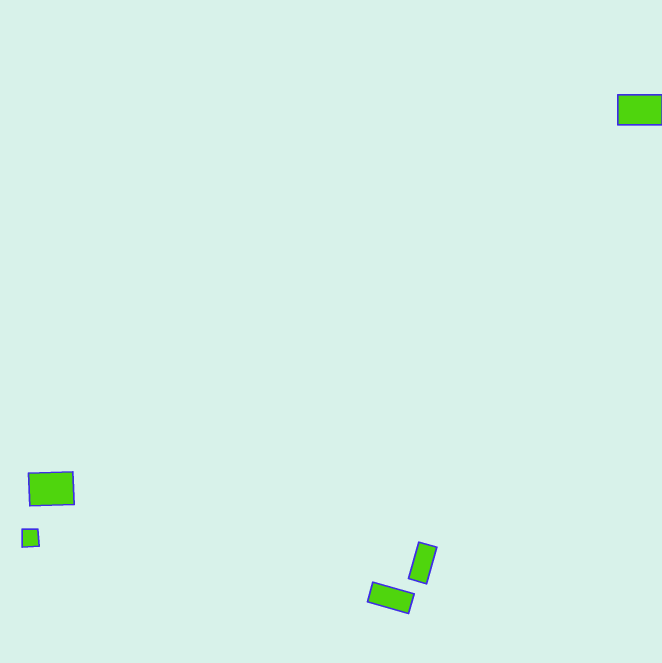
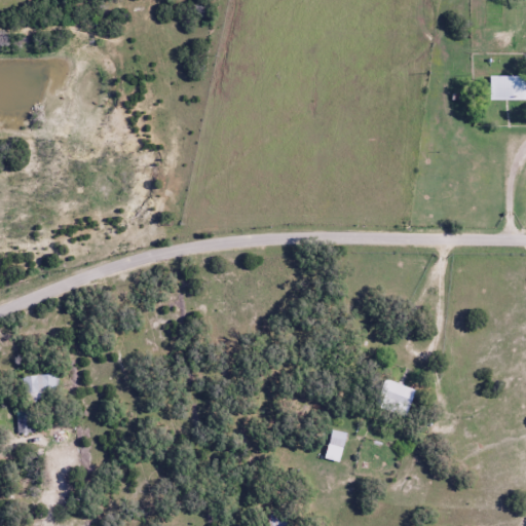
building: none -> [375,378,416,413]
building: [367,582,414,613] -> none

